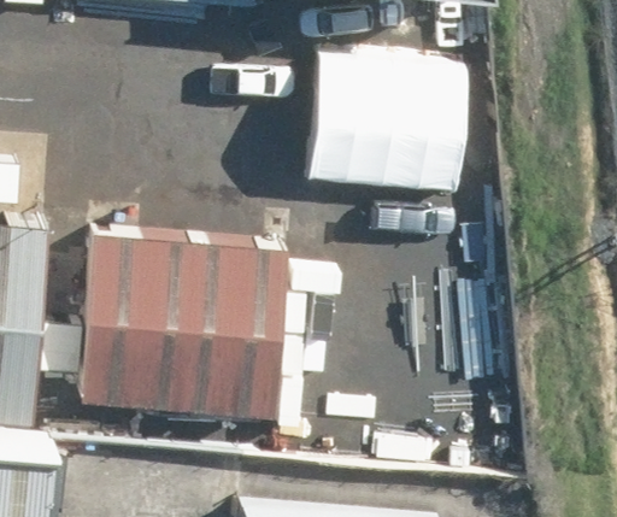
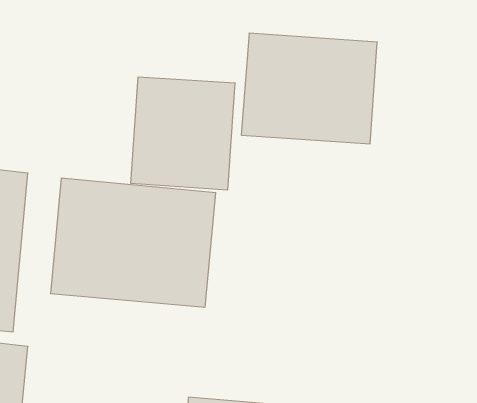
building: none -> [131,77,235,190]

